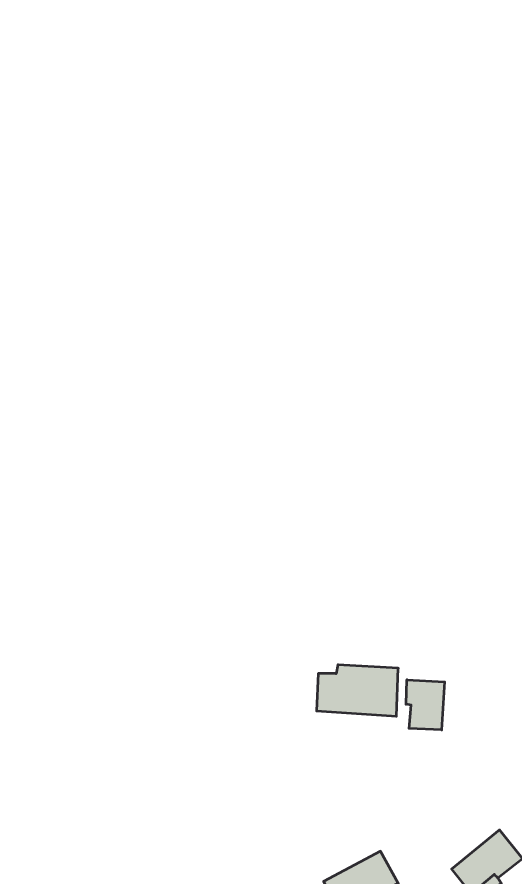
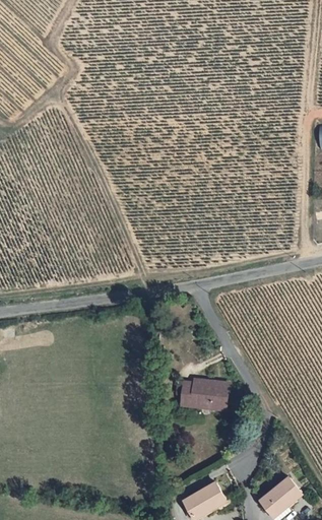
building: [406,680,445,730] -> none

